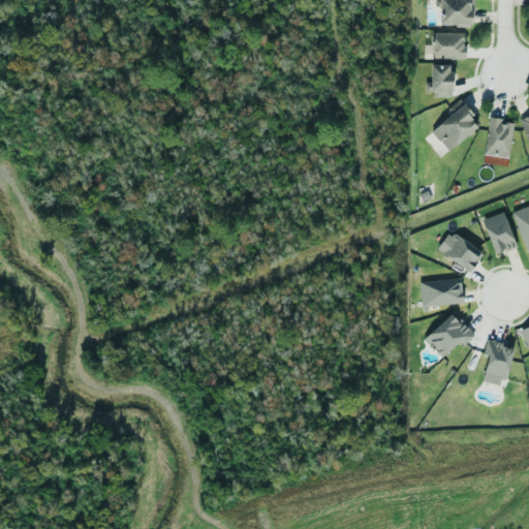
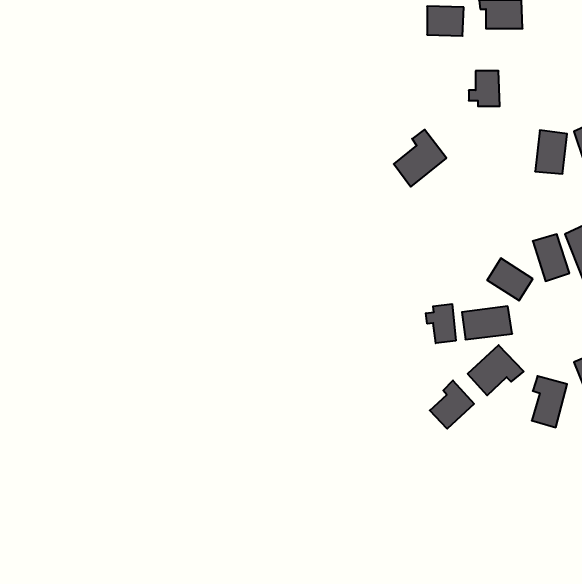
building: [433,32,466,59] -> [427,6,464,36]
building: [433,99,480,151] -> [394,130,446,187]
building: none -> [426,304,456,343]
building: none -> [430,380,474,429]

